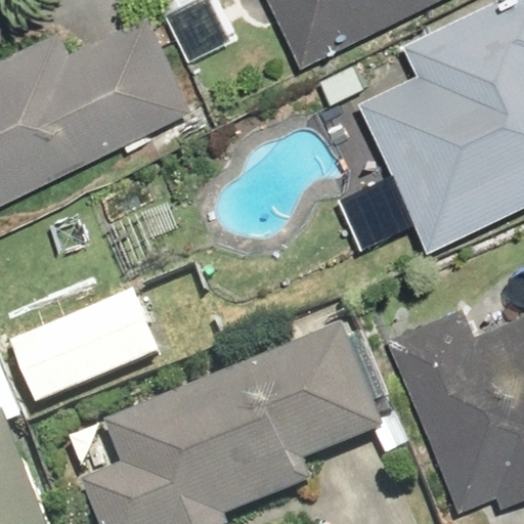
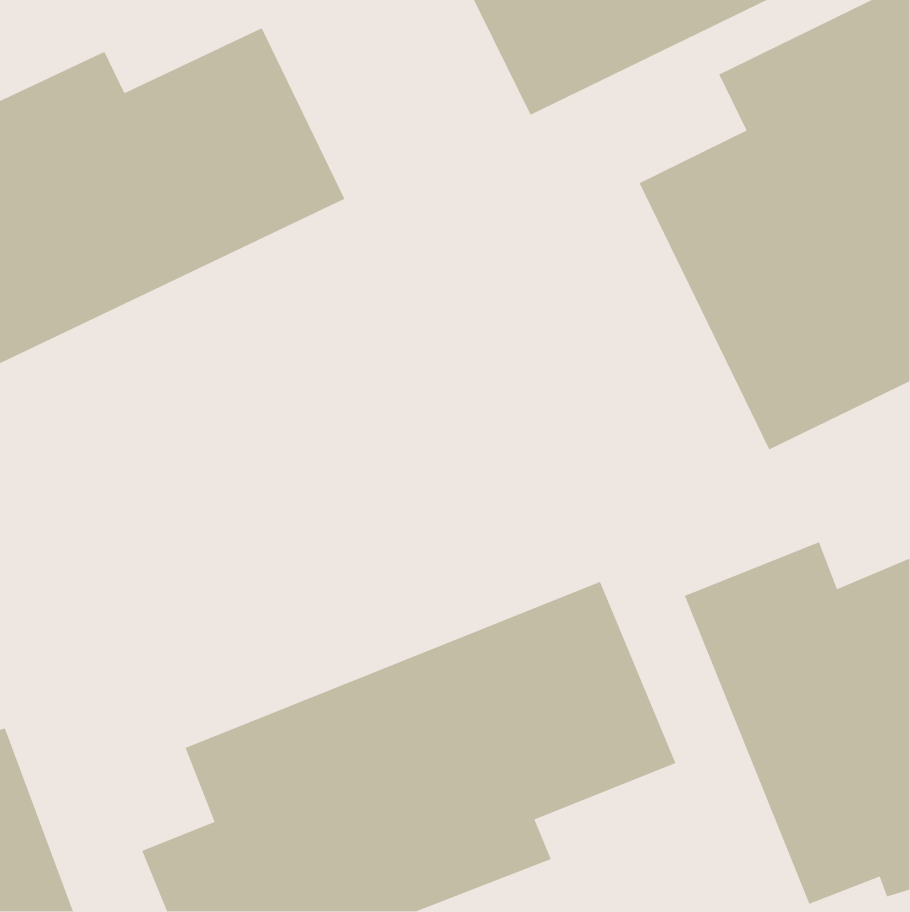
building: [9,286,161,410] -> none

